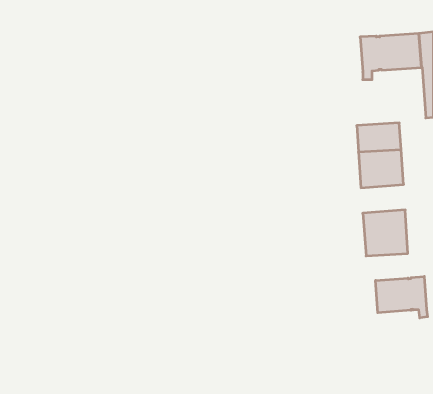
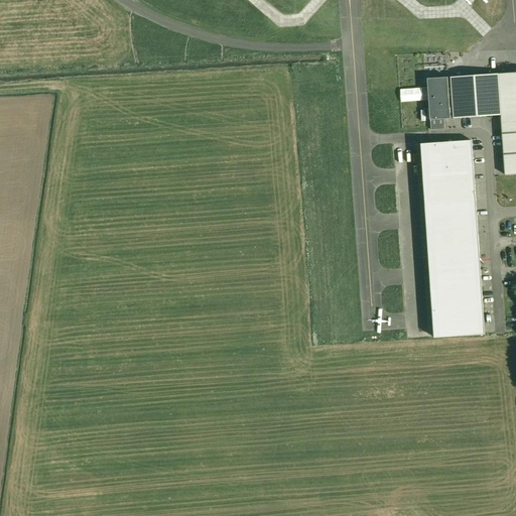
building: none -> [420,140,474,182]
building: none -> [428,252,481,286]
building: [376,276,428,318] -> none

